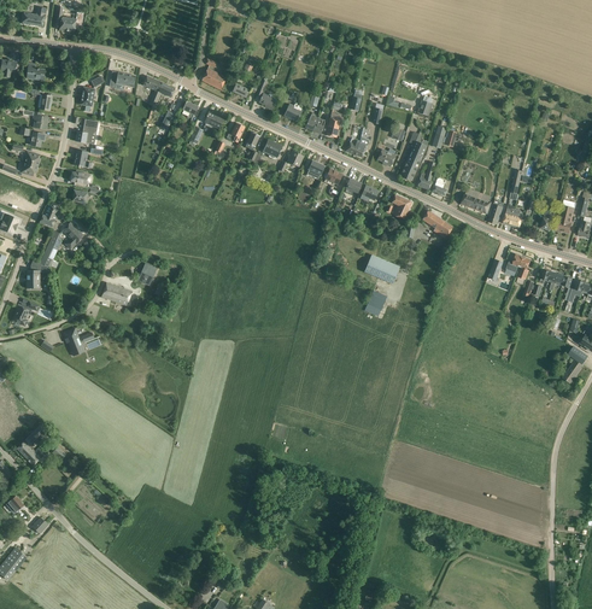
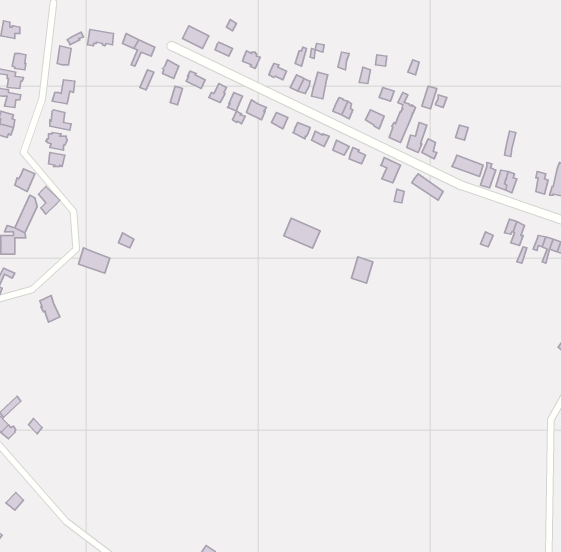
building: [364,254,399,283] -> [284,218,320,248]

